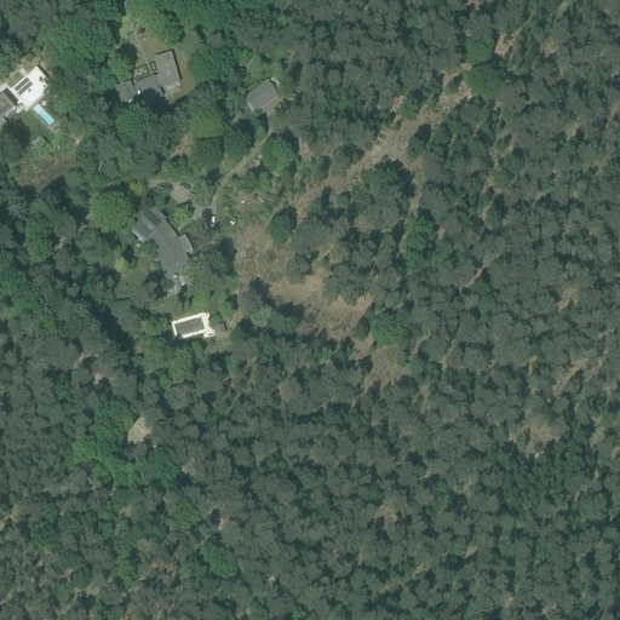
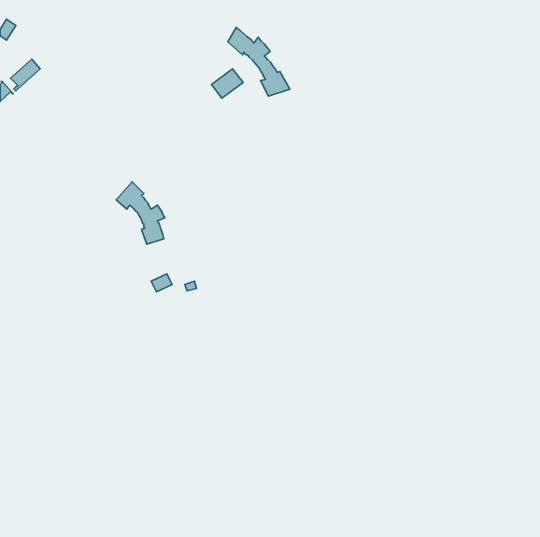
building: none -> [228,27,290,96]
building: [114,52,178,103] -> none

